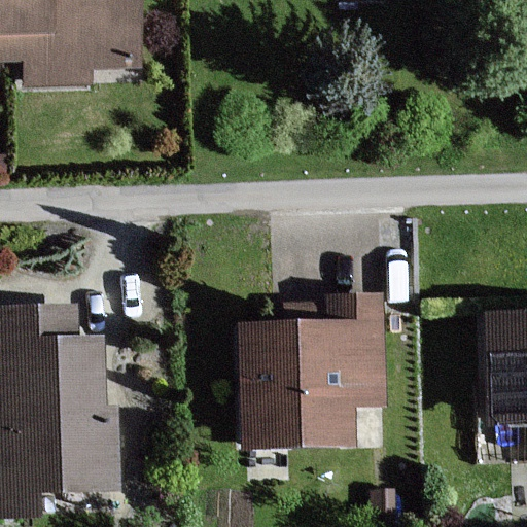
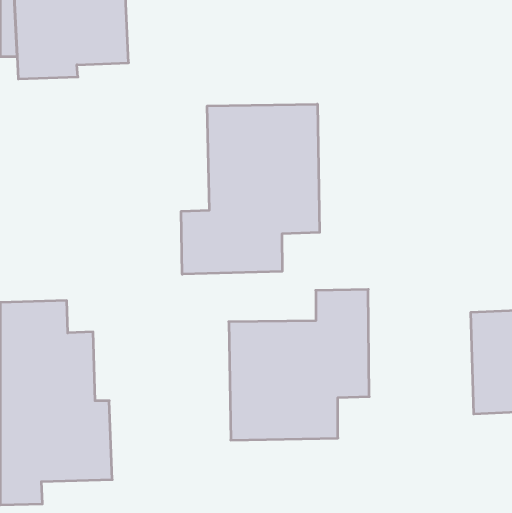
building: none -> [181,104,320,274]

